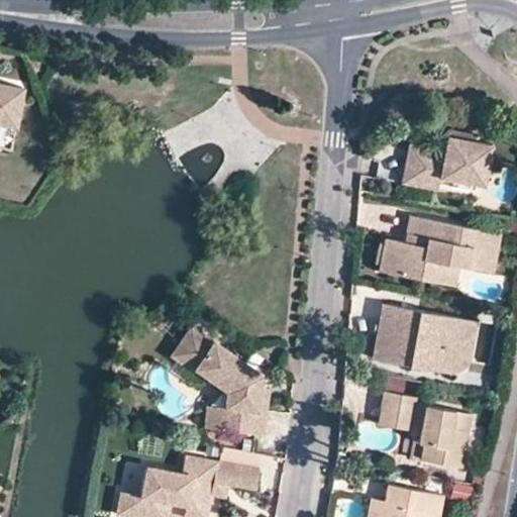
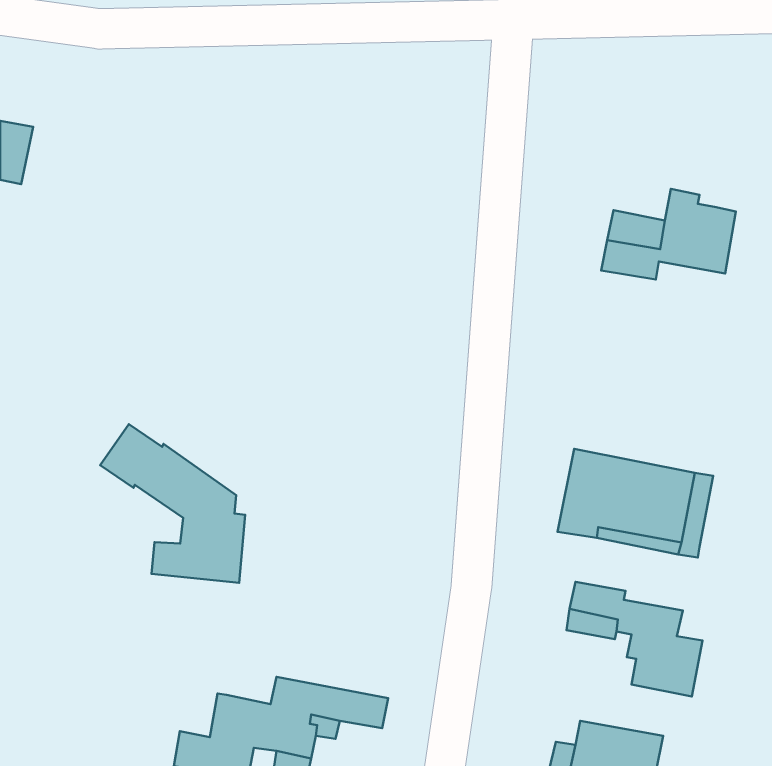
building: [379,217,500,283] -> none
building: [171,329,268,435] -> [100,424,245,583]

